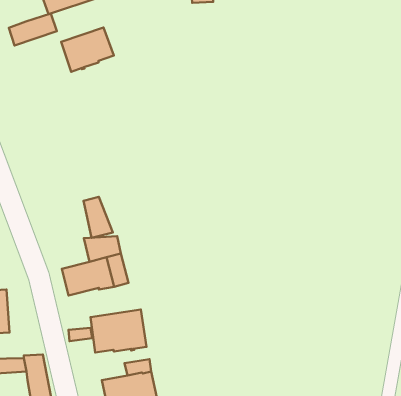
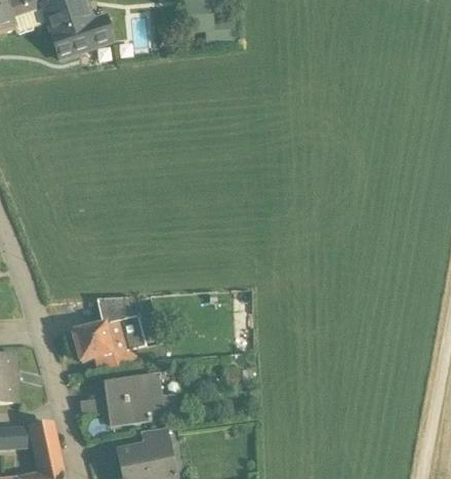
building: [9,13,57,46] -> none
building: [61,28,114,72] -> none
building: [84,197,113,238] -> none

